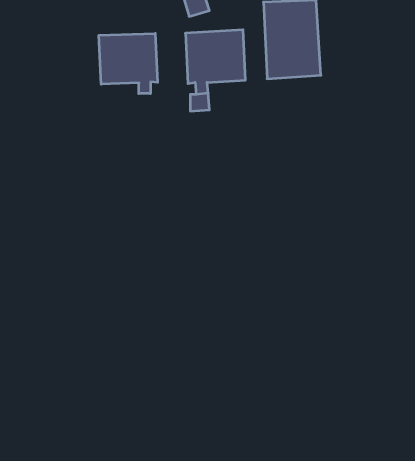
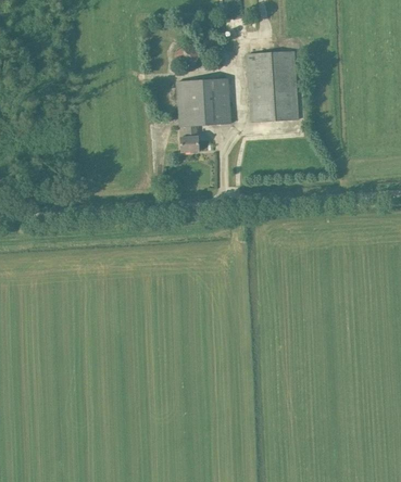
building: [99,33,158,94] -> none

